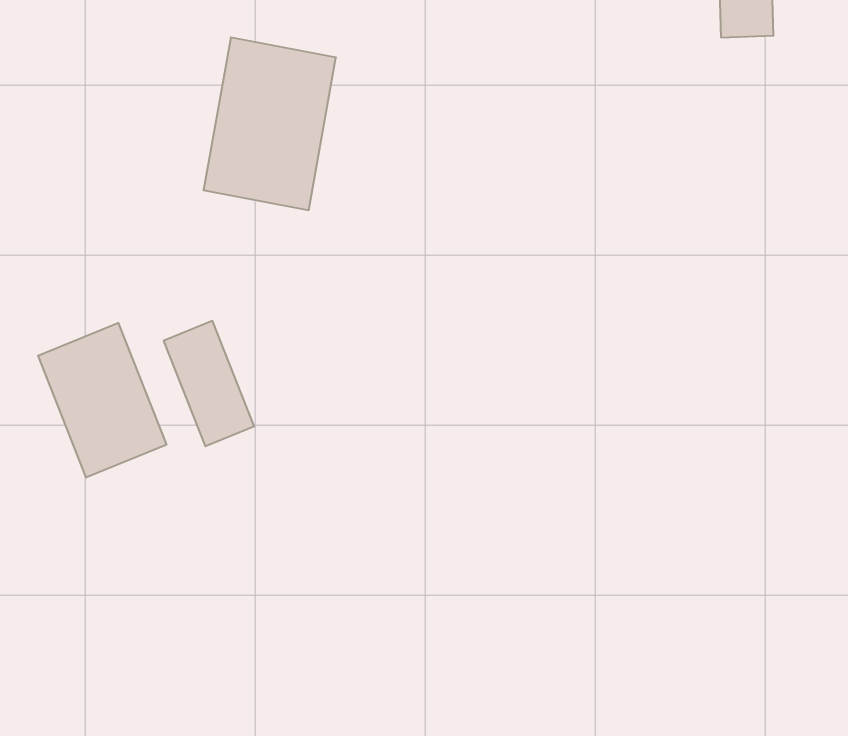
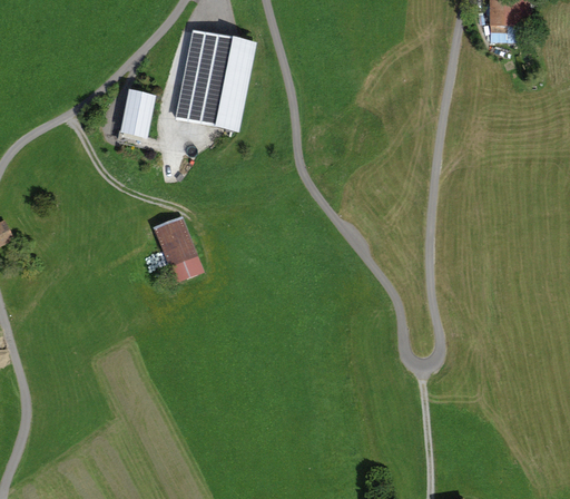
building: none -> [117,89,153,140]
building: [38,323,166,478] -> none

